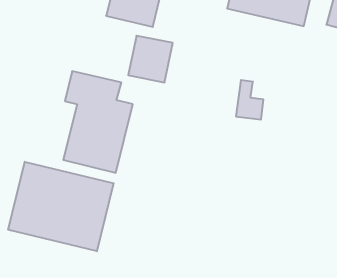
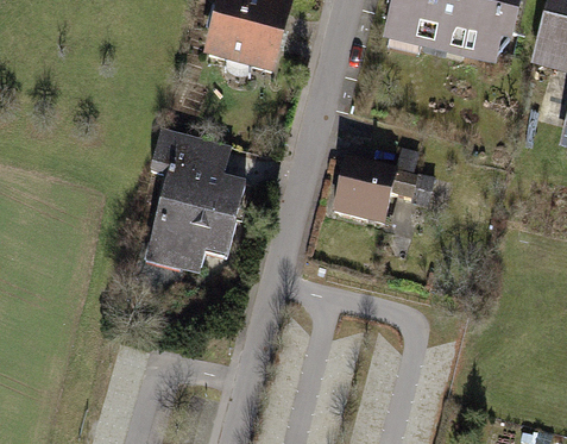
building: [128,36,173,82] -> [333,152,398,221]
building: [8,162,114,251] -> none

